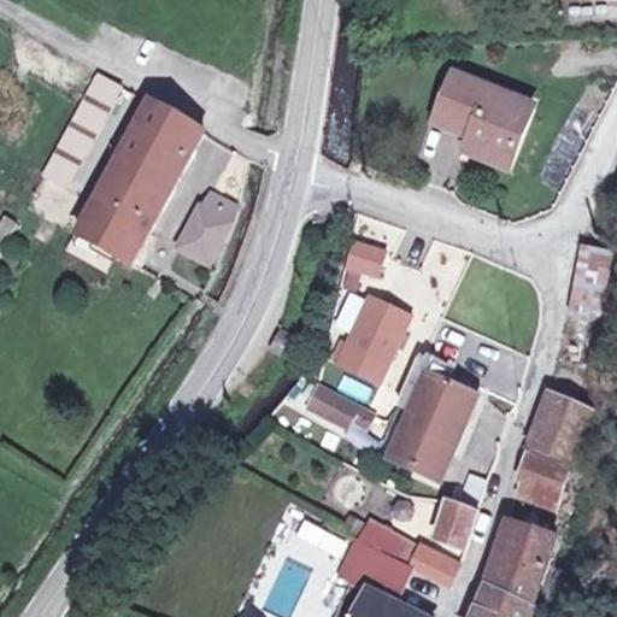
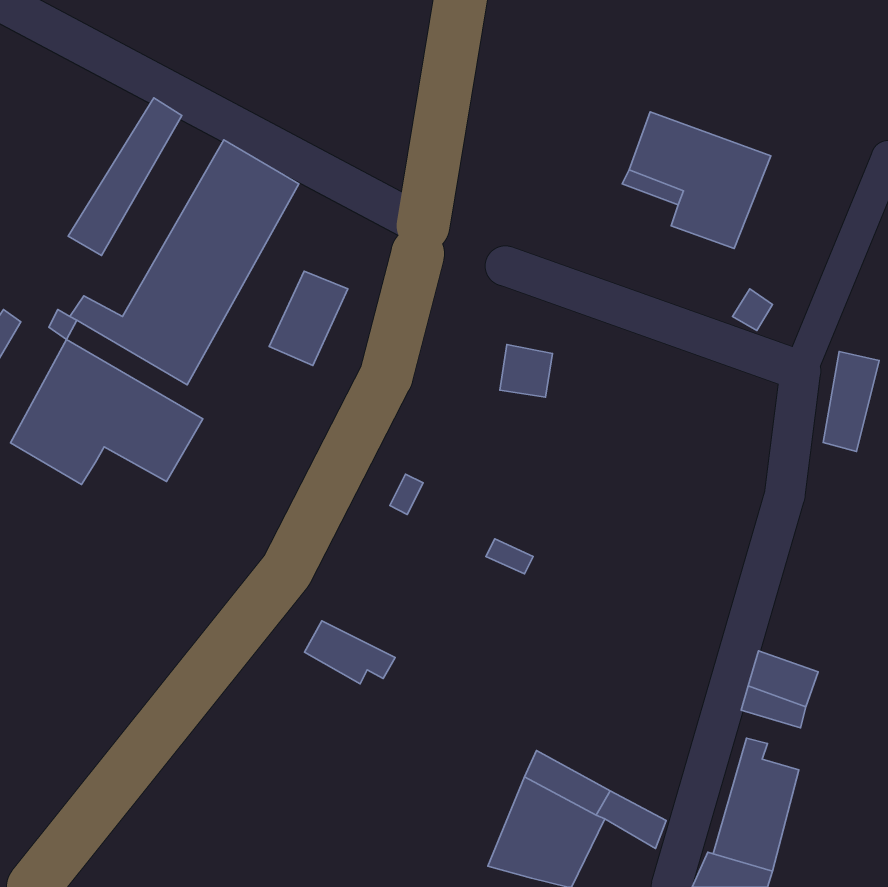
building: none -> [10,339,203,484]
building: [341,294,406,375] -> none
building: [392,362,475,481] -> none
building: [523,388,571,463] -> none
building: [306,389,369,433] -> [304,621,395,684]
building: [437,500,477,547] -> none

